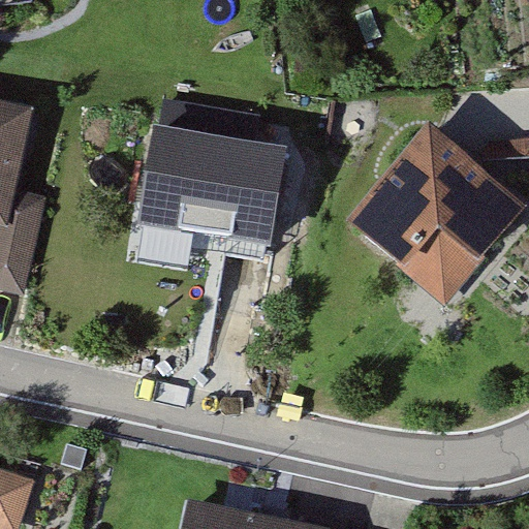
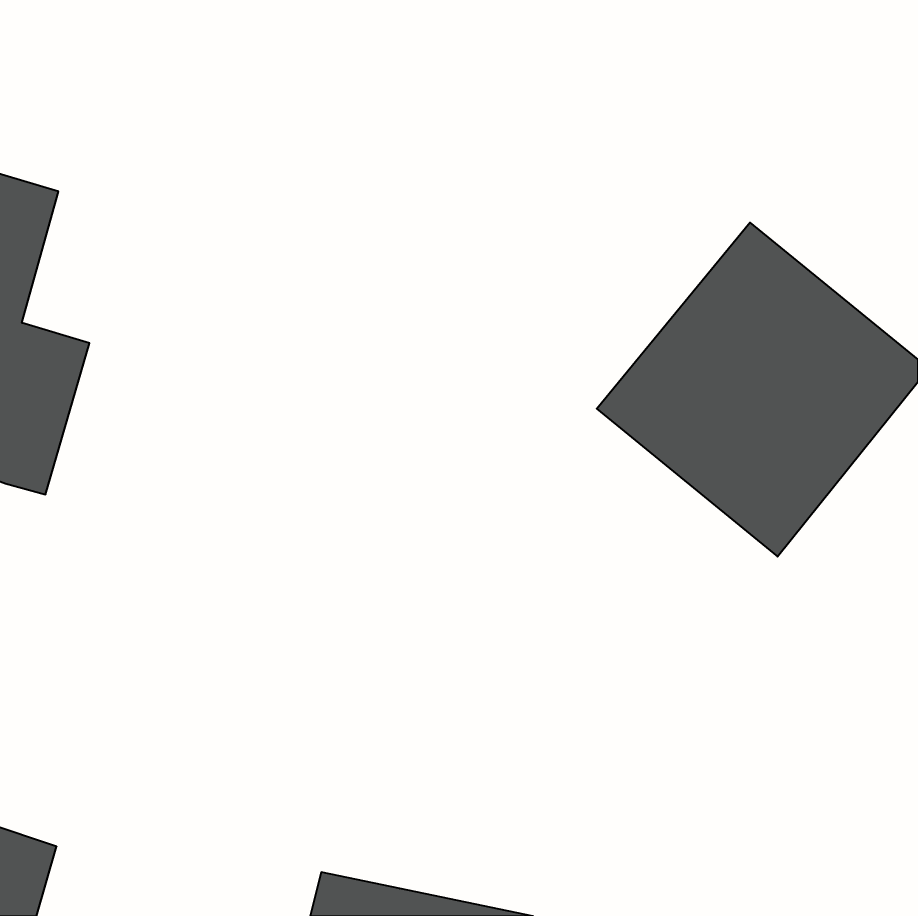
building: [142,127,285,246] -> none

